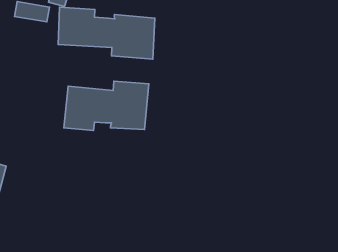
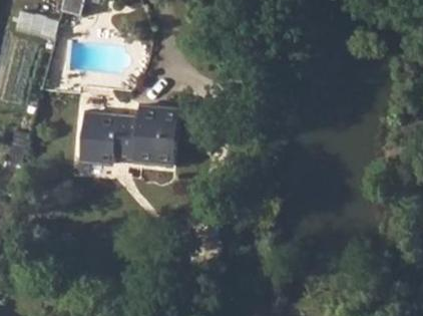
building: [58,7,155,59] -> none

